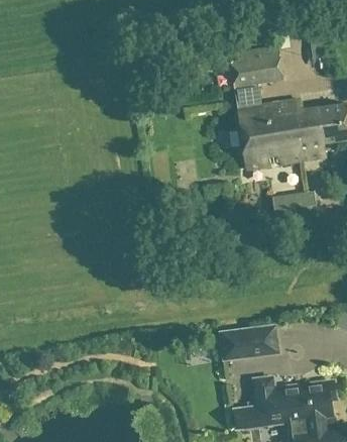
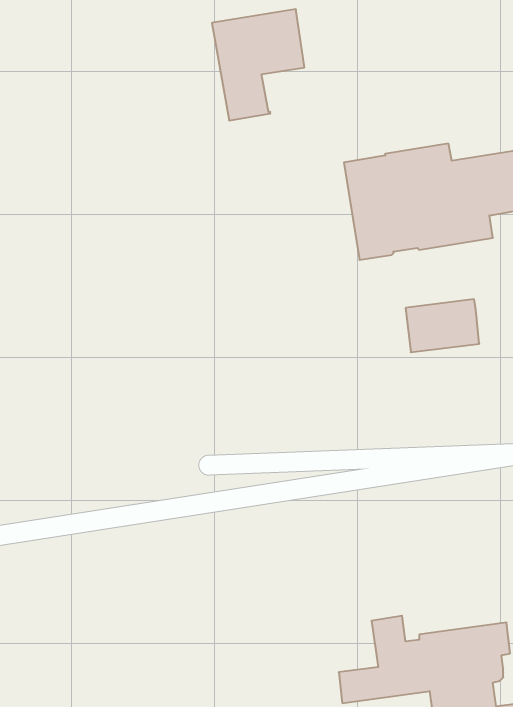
building: [227,44,281,110] -> [212,9,304,120]
building: [220,327,275,359] -> none

